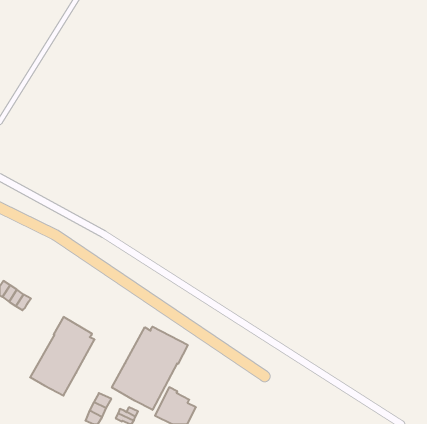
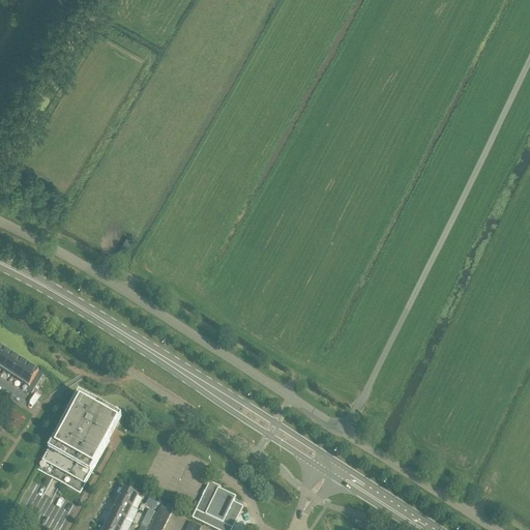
building: [112,327,188,410] -> none

